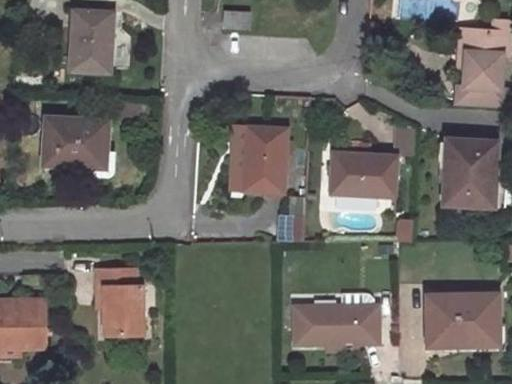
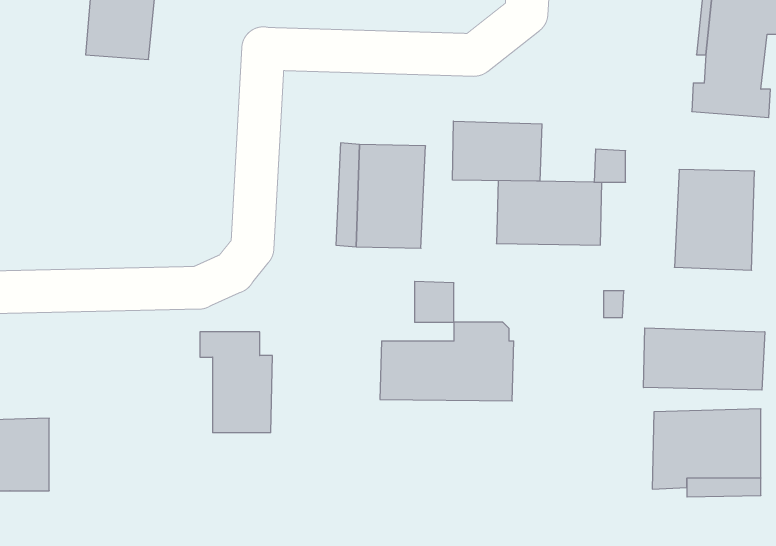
building: none -> [453,121,542,181]
building: [42,115,106,165] -> none
building: none -> [644,328,765,390]
building: [98,269,144,333] -> [200,332,272,433]
building: [295,297,380,347] -> [380,322,514,401]

